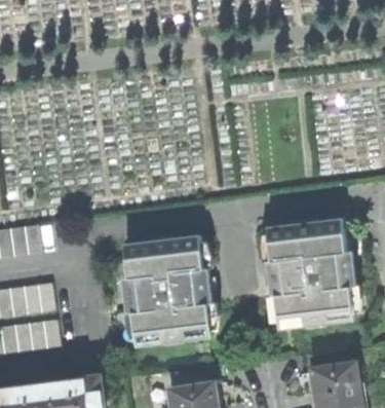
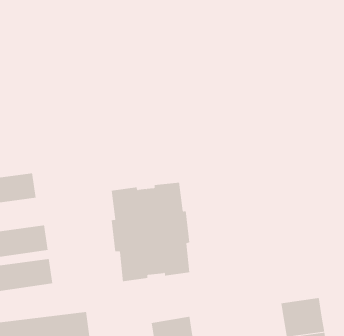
building: [268,218,355,328] -> none

